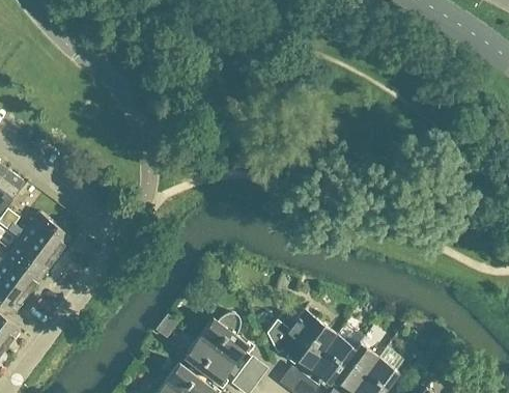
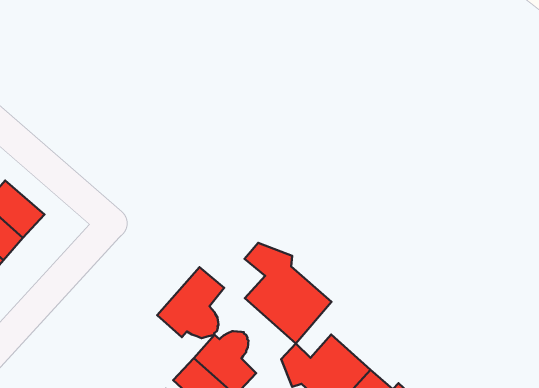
building: none -> [244,243,332,343]
building: none -> [157,267,224,338]

